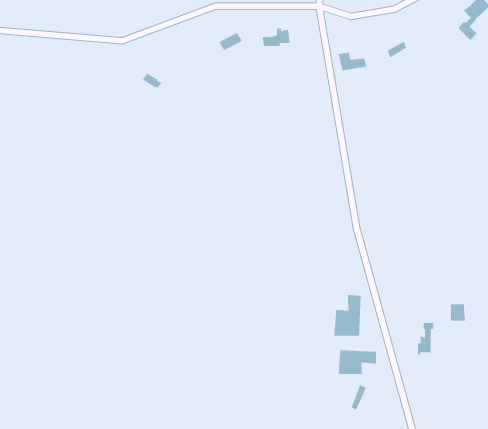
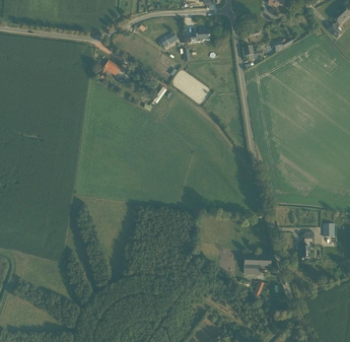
building: [334,294,361,337] -> none

